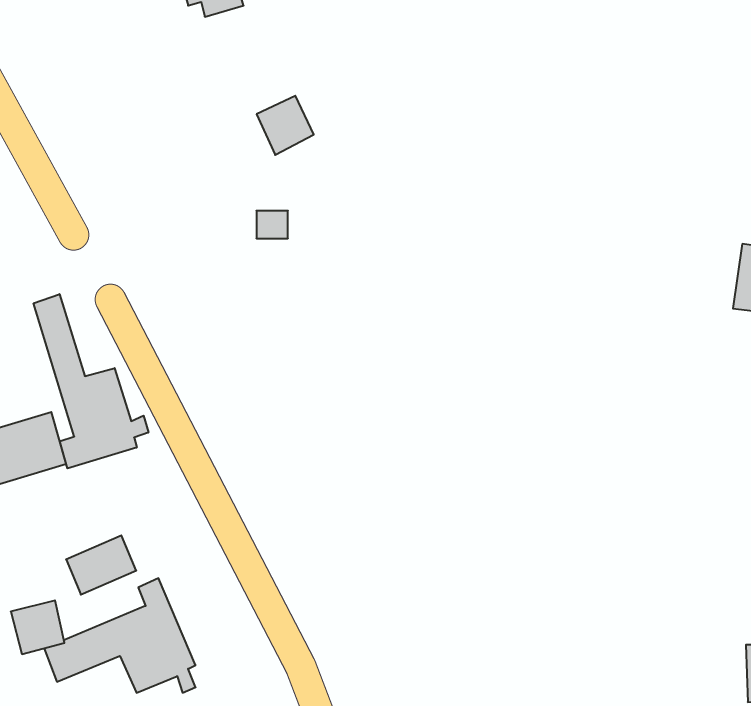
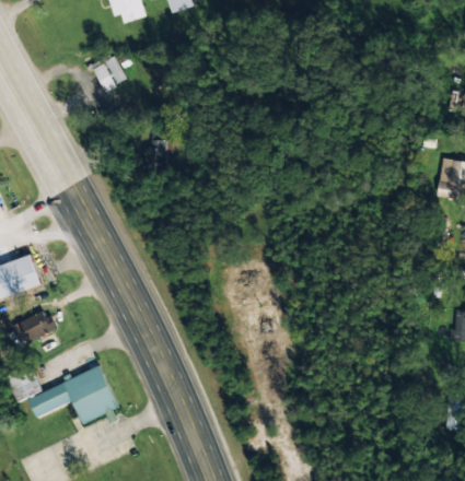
building: [257,96,314,155] -> [93,56,127,91]
building: [34,294,148,468] -> none
building: [66,535,136,595] -> [14,309,56,344]

